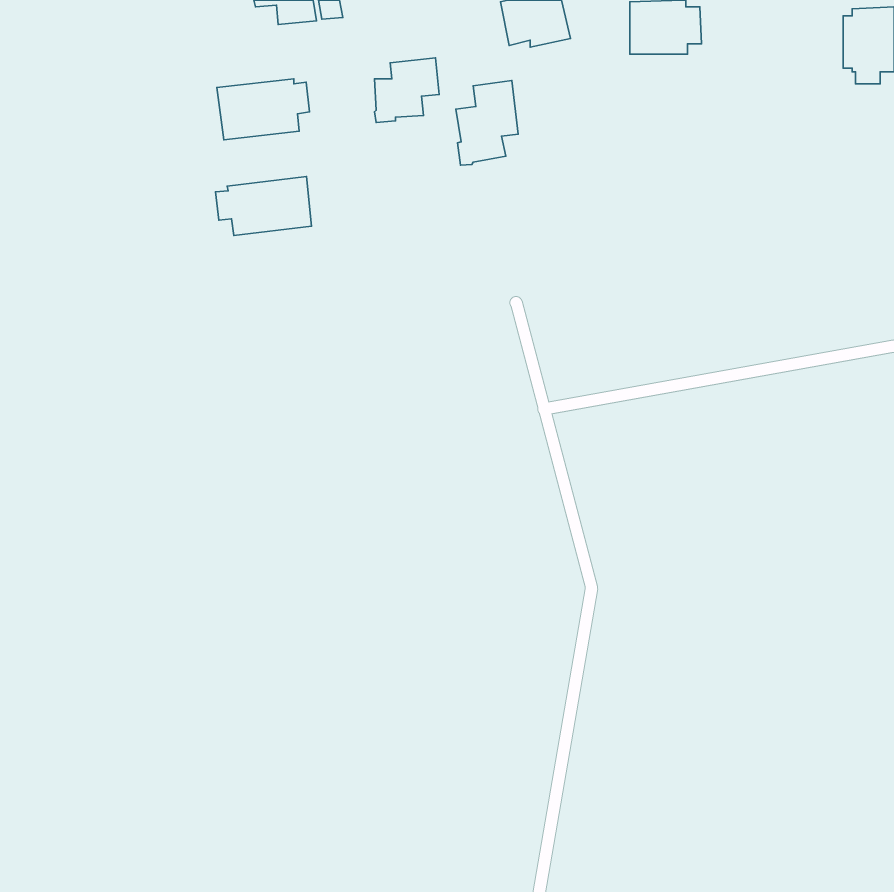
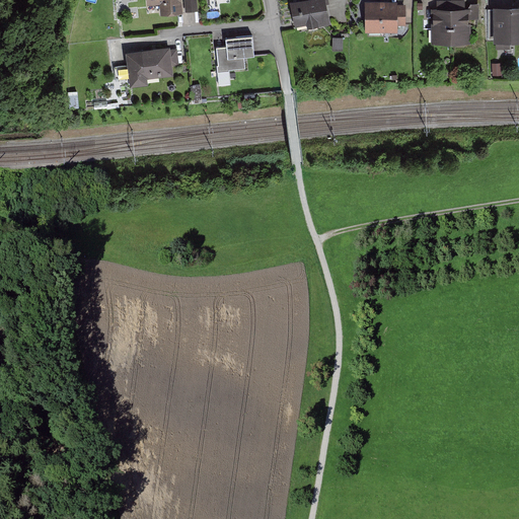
building: none -> [432,8,471,44]
building: [456,81,518,165] -> none
building: [216,177,311,235] -> none

